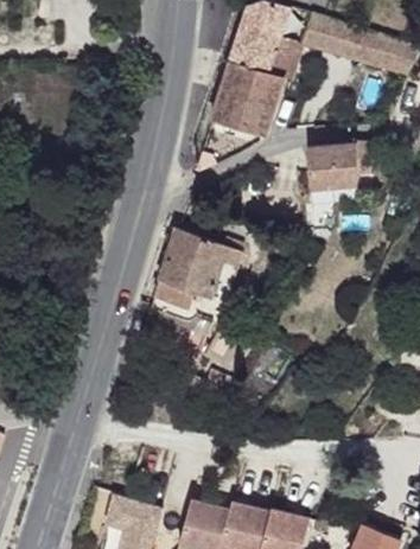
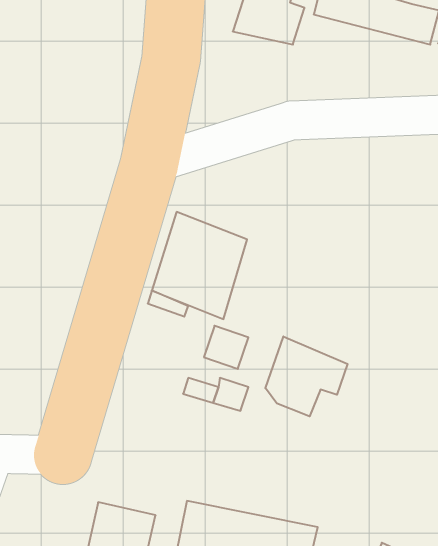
building: [215,64,286,136] -> none
building: [306,146,371,190] -> none
building: none -> [265,336,348,416]

